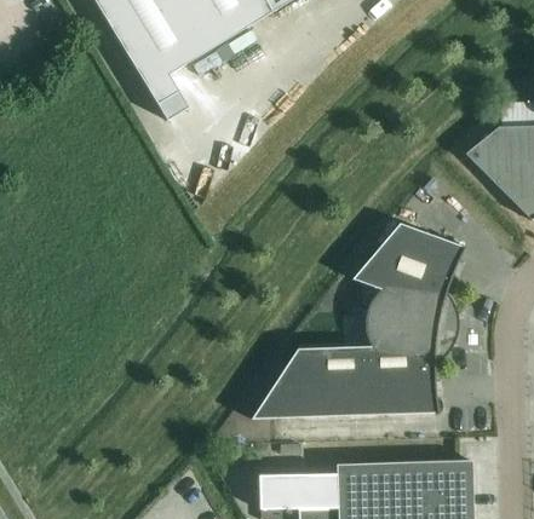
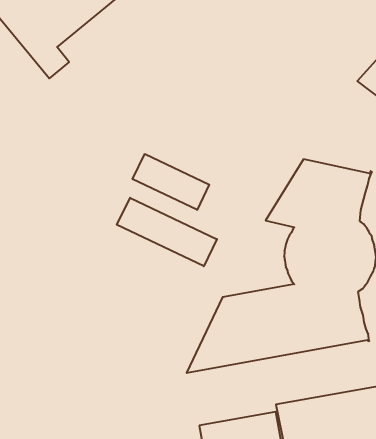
building: none -> [133,154,209,210]
building: none -> [117,198,217,266]

